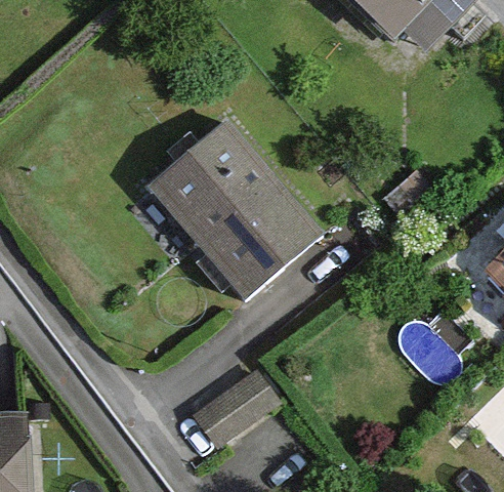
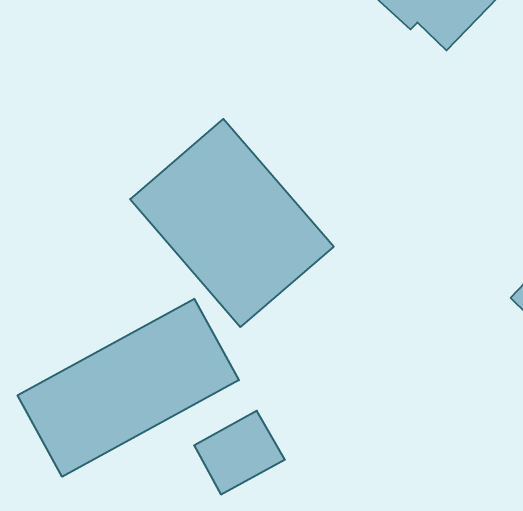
building: none -> [18,299,239,477]

